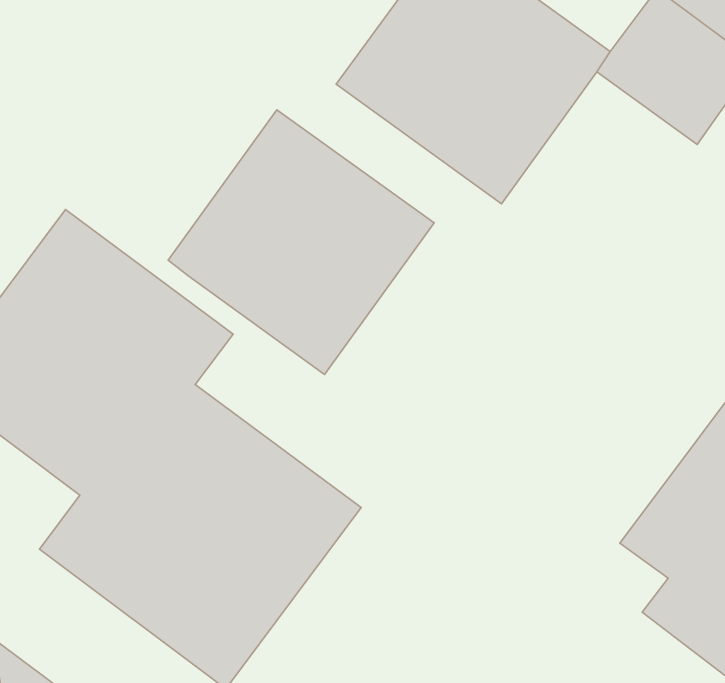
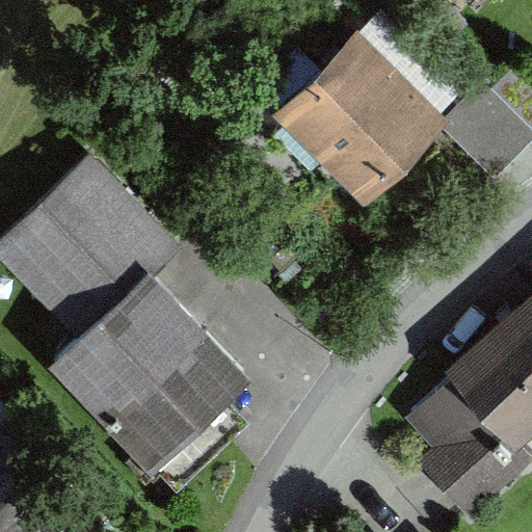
building: [168,110,434,375] -> none

